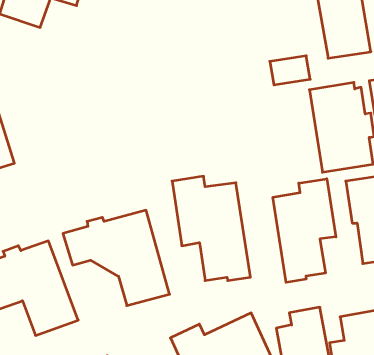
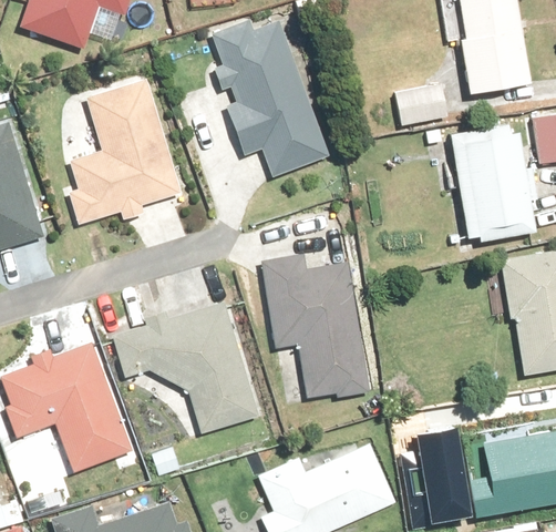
building: none -> [210,17,329,176]
building: none -> [68,79,181,224]
building: [273,179,336,282] -> none

